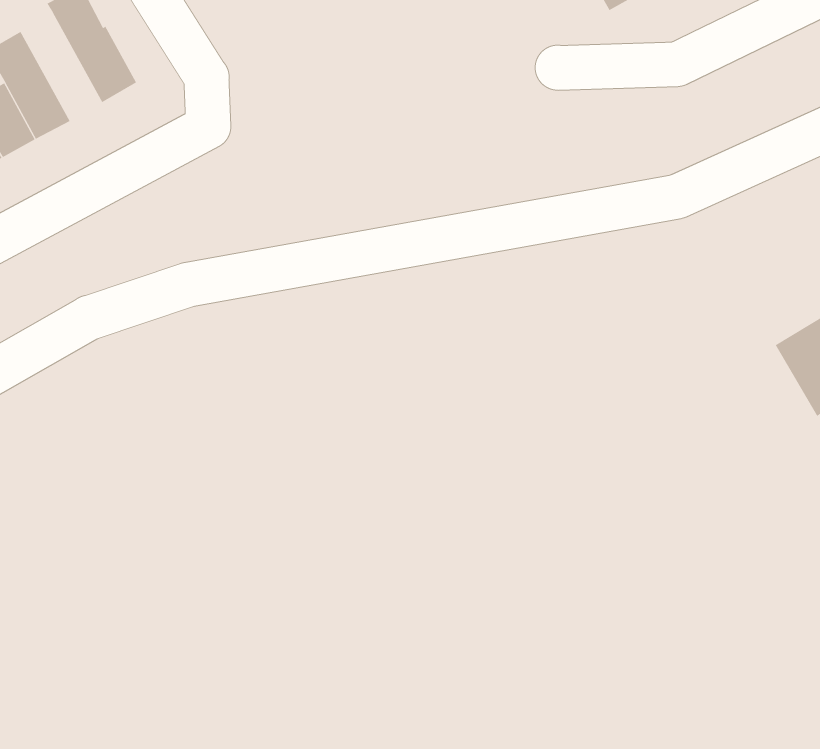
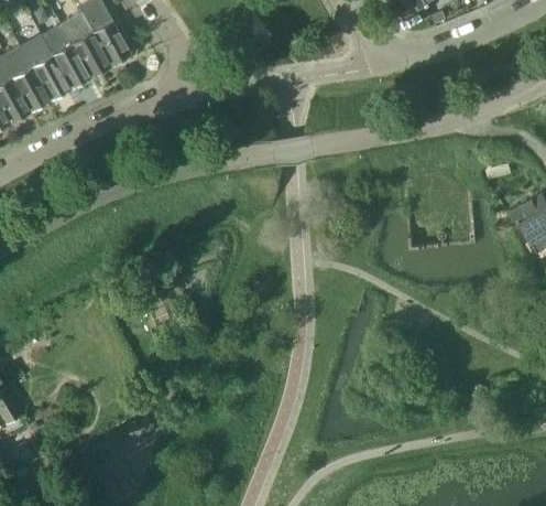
building: none -> [61,11,109,76]

